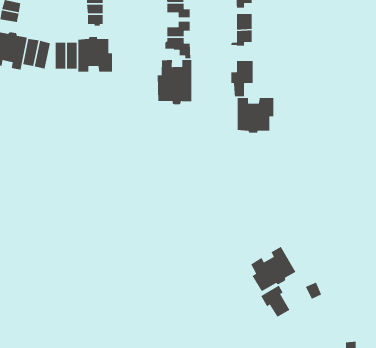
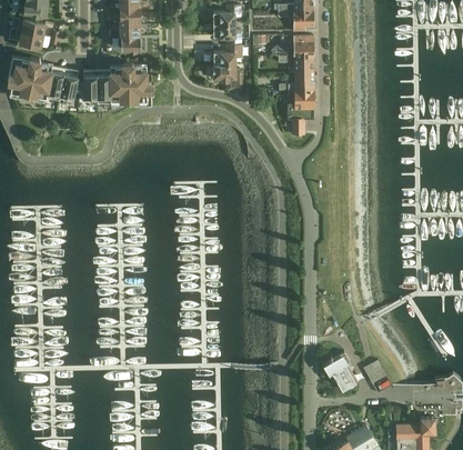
building: none -> [278,70,313,90]
building: [157,59,192,105] -> none
building: [237,97,274,133] -> none
building: [250,246,297,292] -> none

